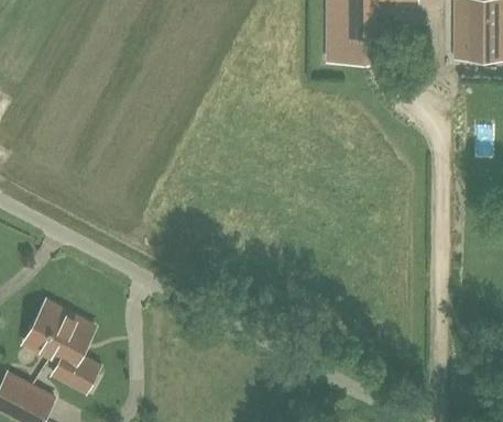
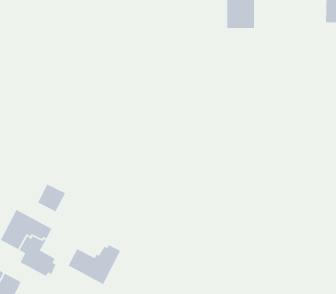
building: none -> [37,184,66,213]
building: none -> [67,244,121,285]

